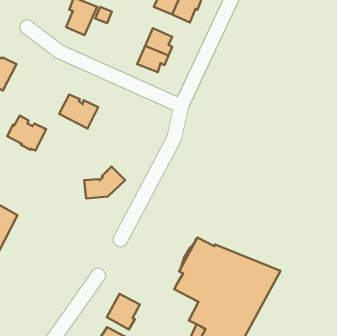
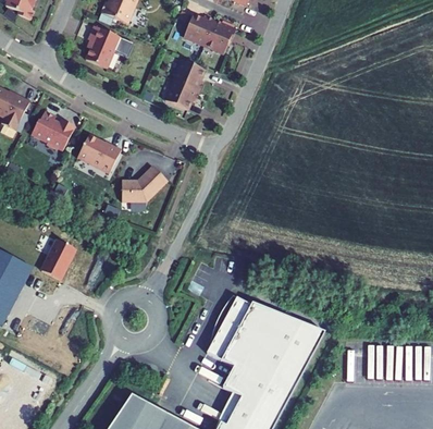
building: [7,116,46,151] -> [32,110,75,149]
building: [84,166,125,199] -> [122,164,168,200]
building: none -> [41,241,75,279]
building: [107,294,140,329] -> none

